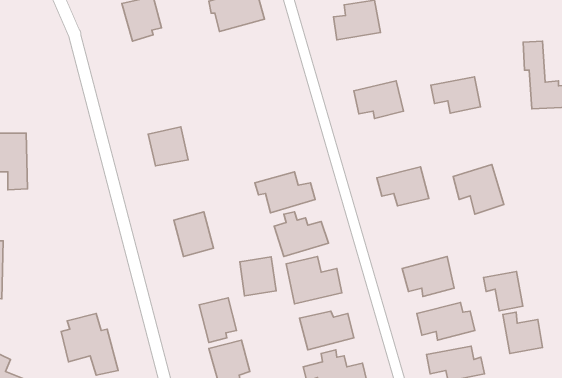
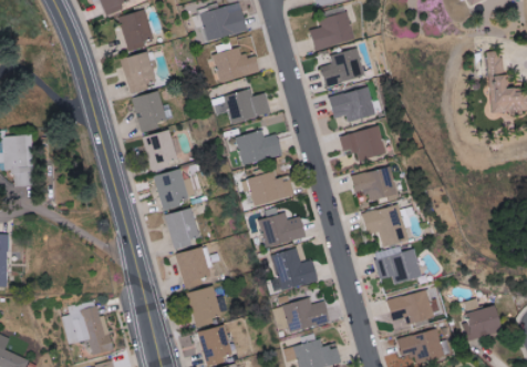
building: none -> [210,48,259,82]
building: none -> [321,49,364,85]
building: none -> [120,52,155,93]
building: [431,77,481,113] -> [339,128,384,161]
building: none -> [209,90,270,124]
building: none -> [135,91,165,133]
building: none -> [232,130,282,166]
building: [453,164,504,214] -> [362,203,409,248]
building: none -> [153,169,192,207]
building: [240,257,276,296] -> [176,248,209,284]
building: [483,272,523,311] -> none

